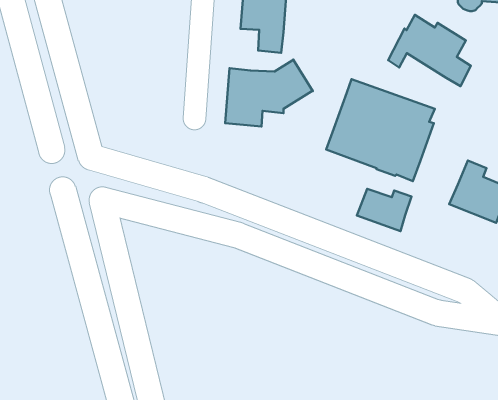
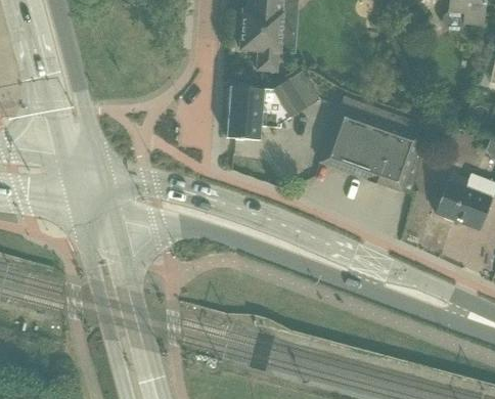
building: [388,15,471,86] -> none
building: [357,189,412,231] -> none

